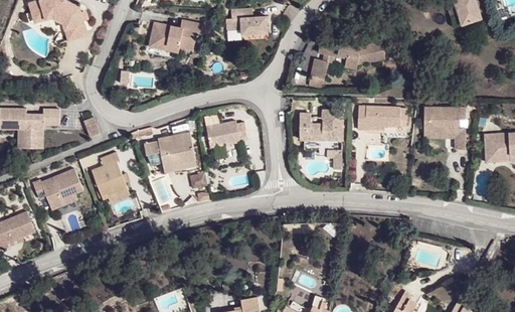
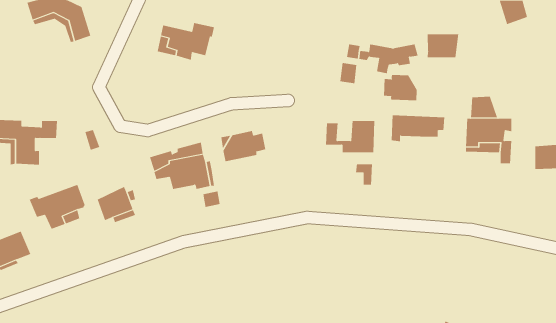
building: [224,9,266,35] -> none
building: none -> [427,33,459,58]
building: none -> [383,74,417,101]
building: none -> [471,96,498,118]
building: [88,152,118,181] -> none

